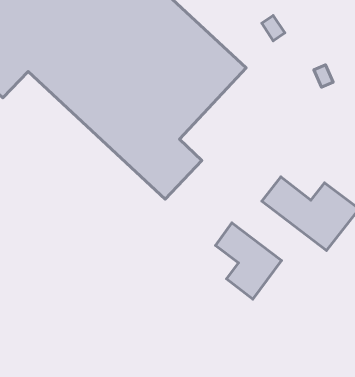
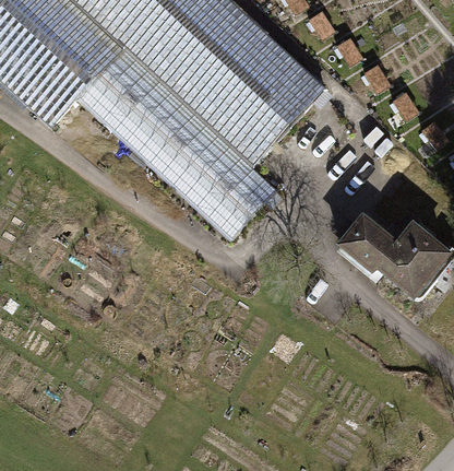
building: [215,223,281,299] -> none

